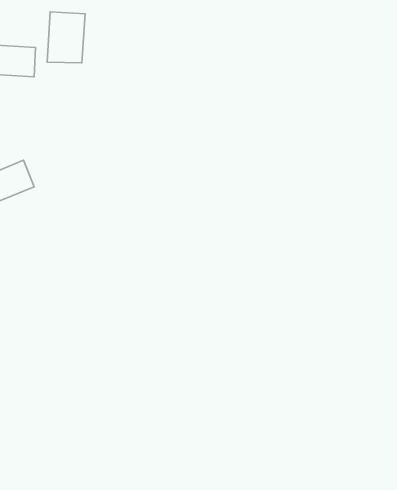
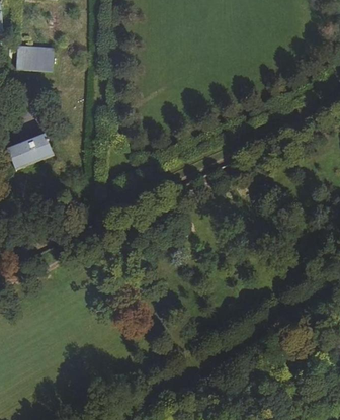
building: [47,12,85,63] -> none

